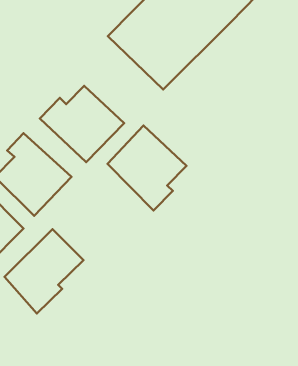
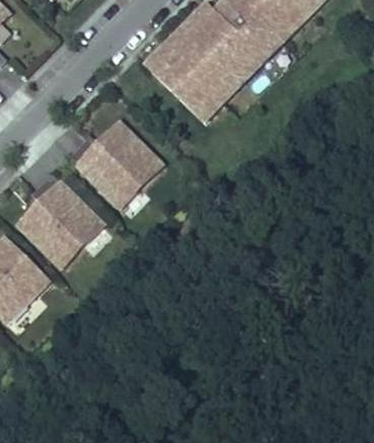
building: [108,126,186,210] -> none
building: [5,229,83,314] -> none

